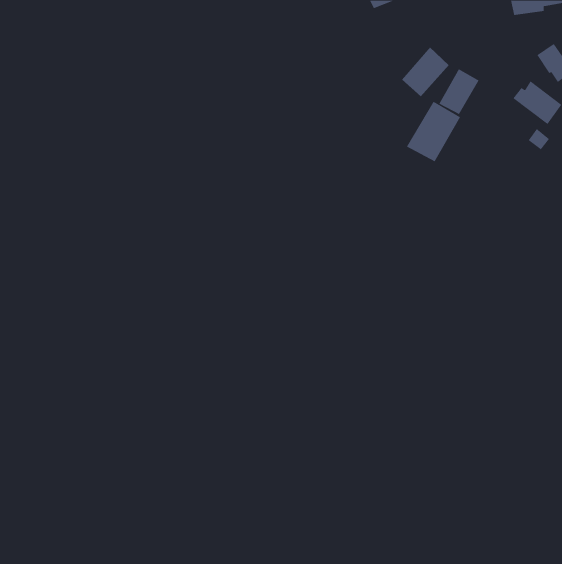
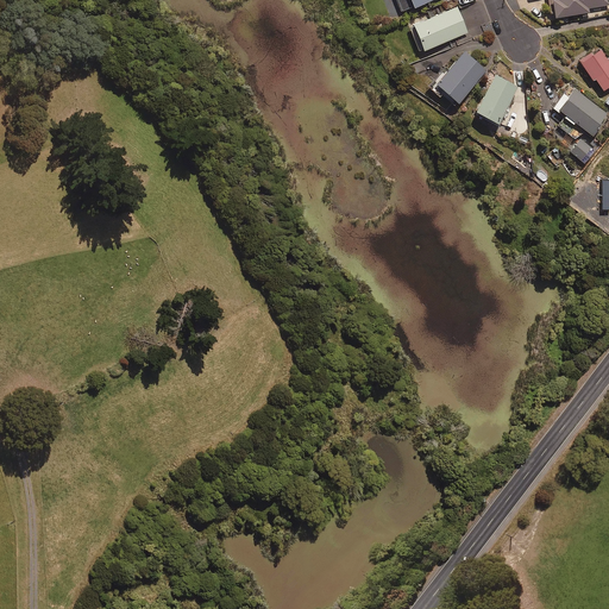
building: none -> [413,7,467,50]
building: [406,101,461,162] -> none

